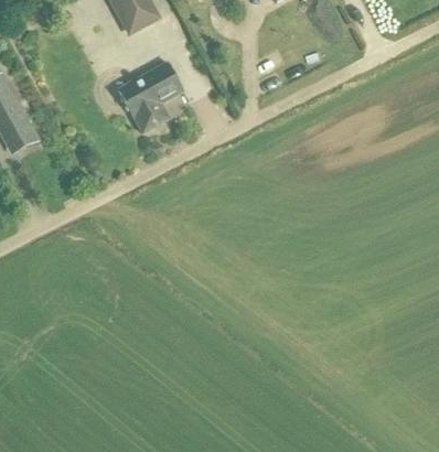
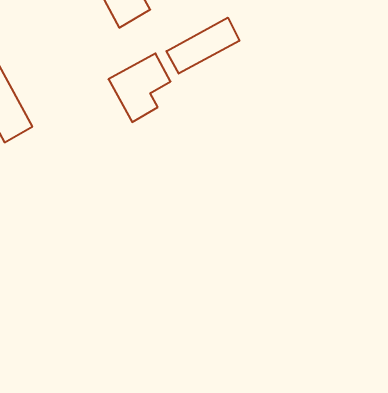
building: none -> [166,18,239,74]

